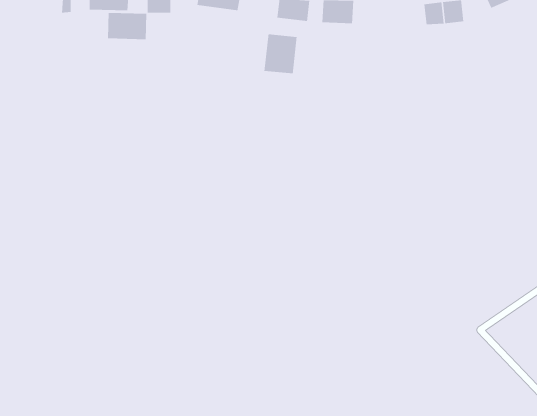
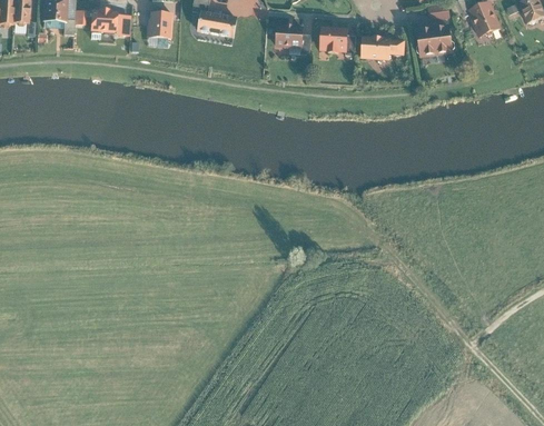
building: none -> [360,36,405,56]
building: [108,12,147,40] -> none
building: [264,33,297,74] -> none

